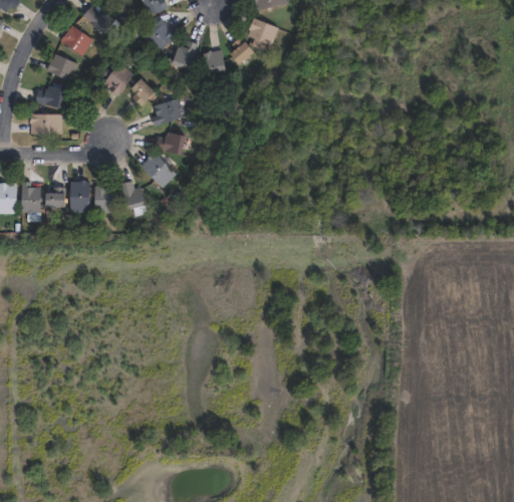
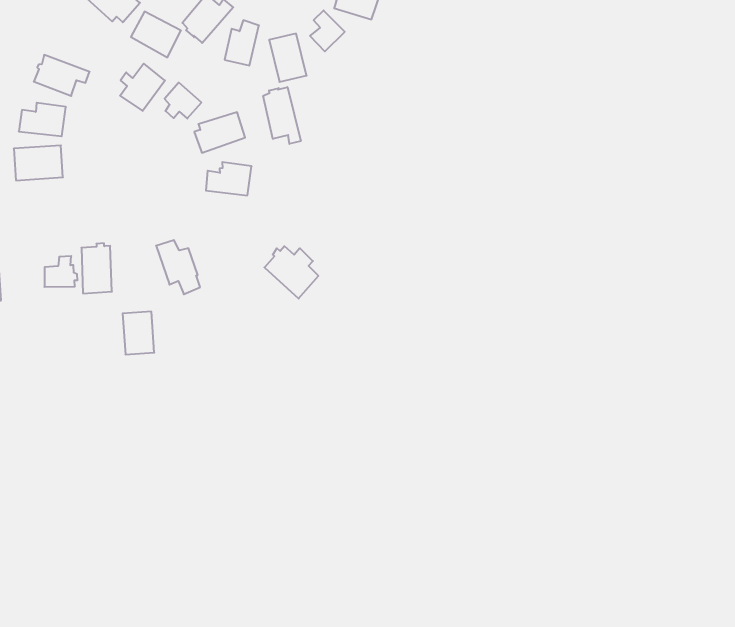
building: [59,24,92,55] -> [131,12,181,57]
building: none -> [263,87,301,144]
building: [141,153,176,188] -> [264,246,318,299]
building: [22,181,39,213] -> none
building: [93,186,112,213] -> [123,312,154,354]

